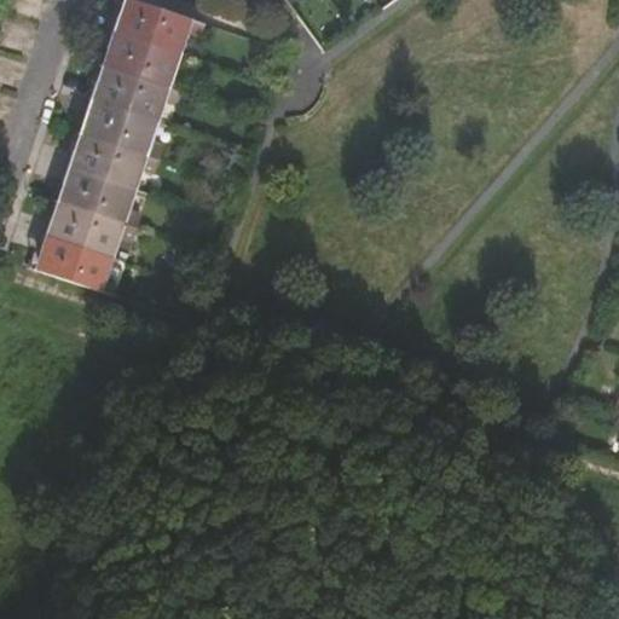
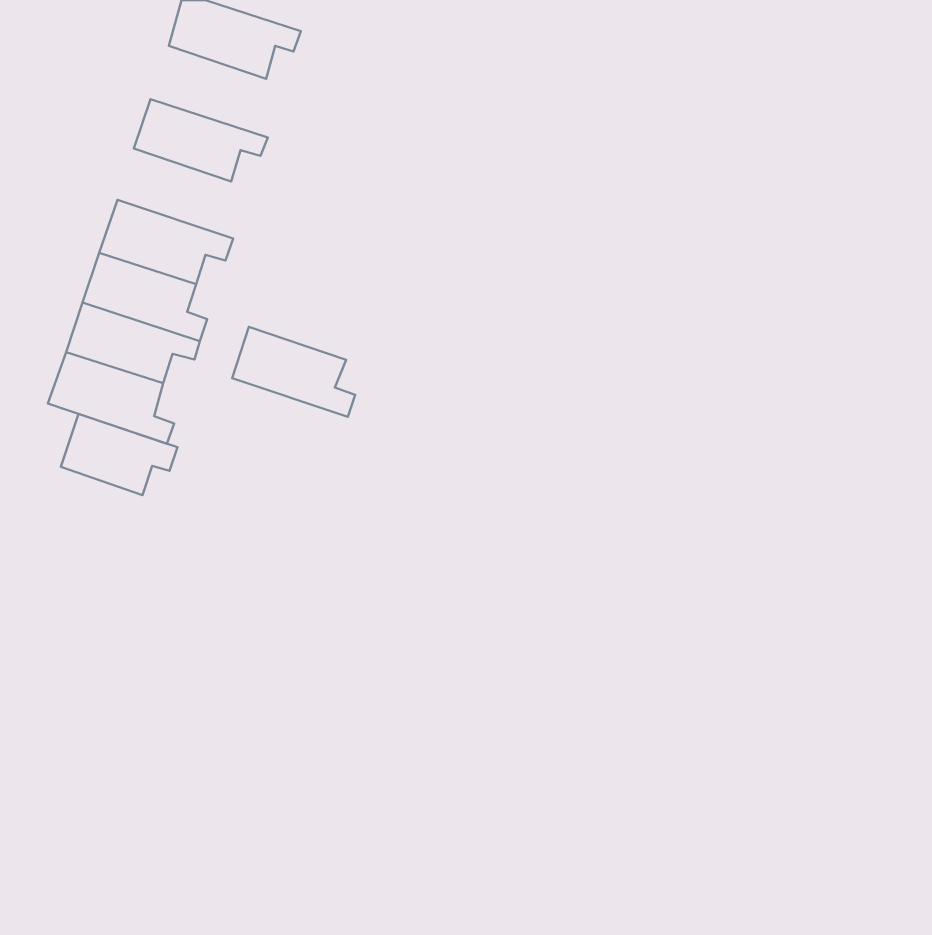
building: [103,31,183,92] -> none
building: [81,99,162,158] -> [232,327,355,417]
building: none -> [61,414,178,495]

